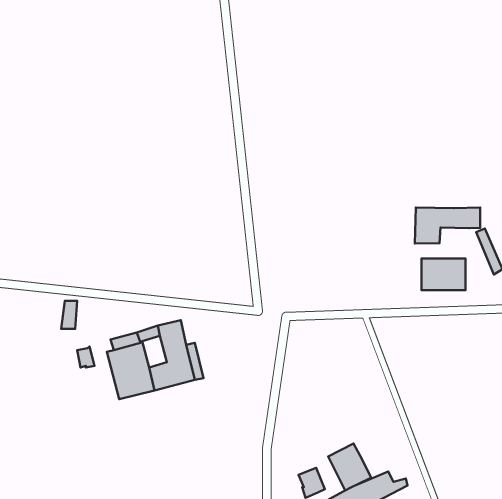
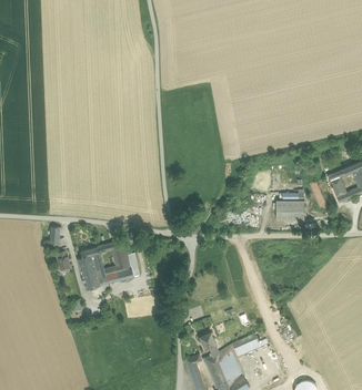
building: [415,208,480,243] -> none
building: [328,443,371,490] -> none

